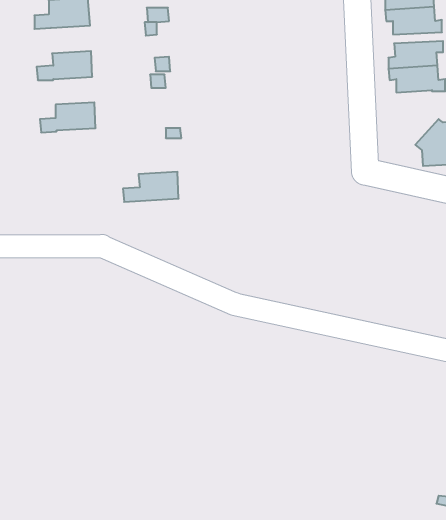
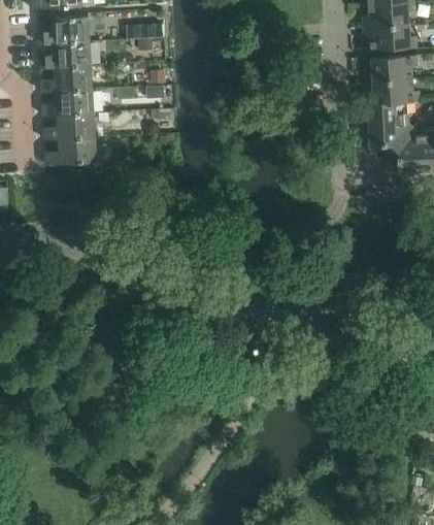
building: none -> [39,41,91,68]
building: none -> [42,89,94,117]
building: none -> [367,101,412,152]
building: [123,172,179,202] -> [44,136,96,164]

